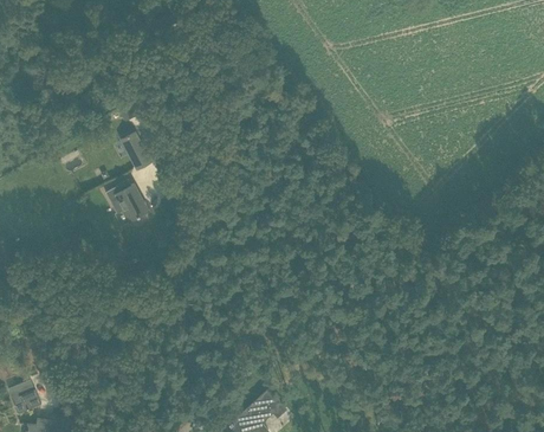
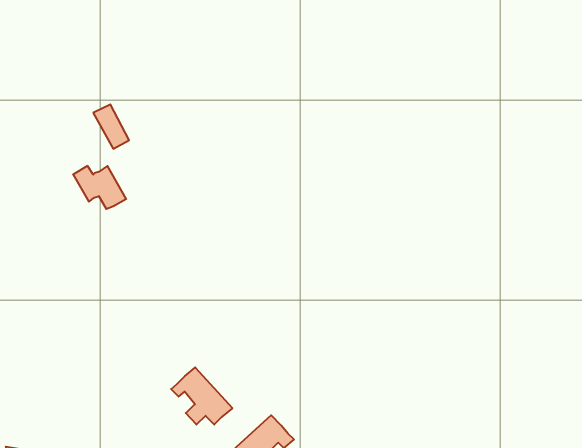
building: none -> [171,367,232,425]

